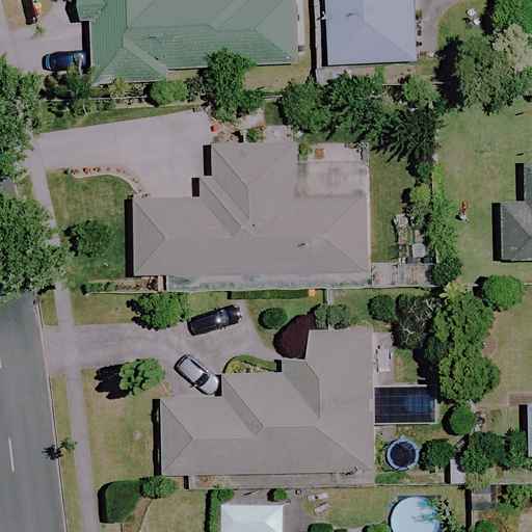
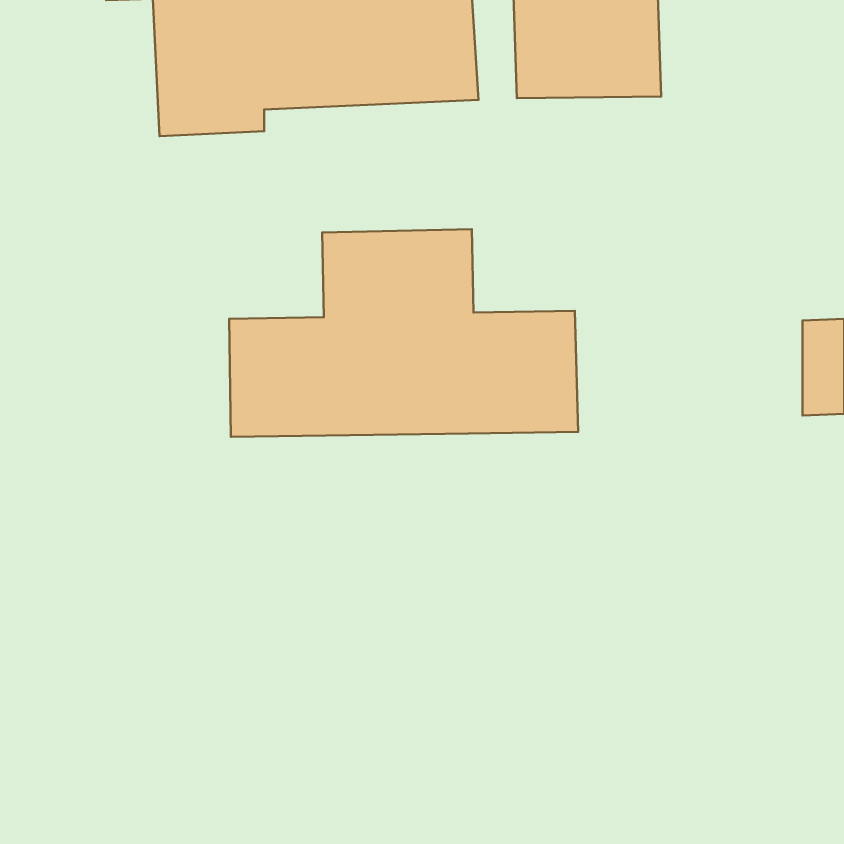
building: [167,330,370,471] -> none

